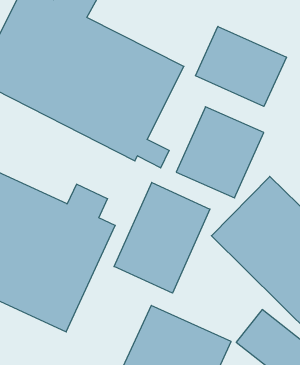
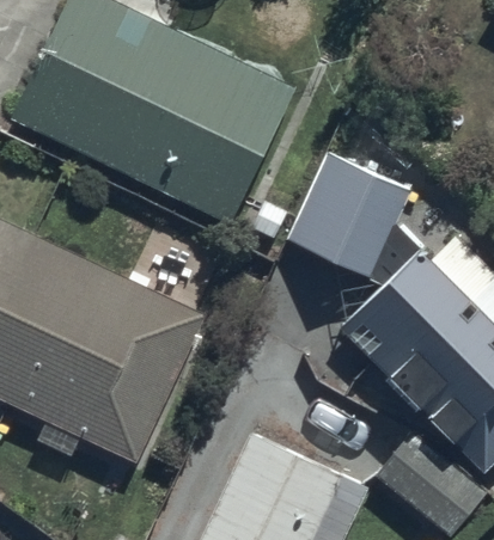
building: [196,26,286,106] -> none
building: [114,182,210,293] -> none

